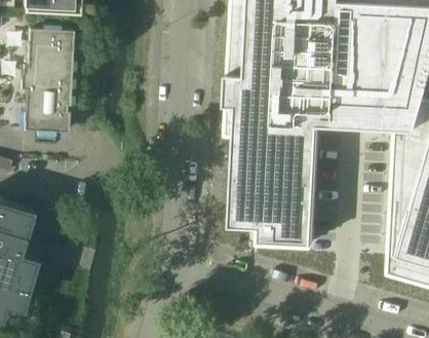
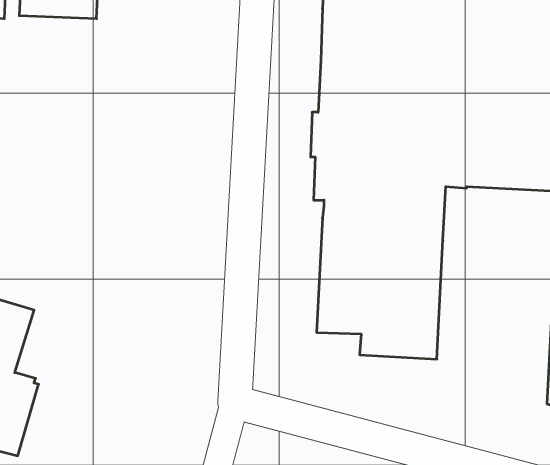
building: [23,29,75,140] -> none

